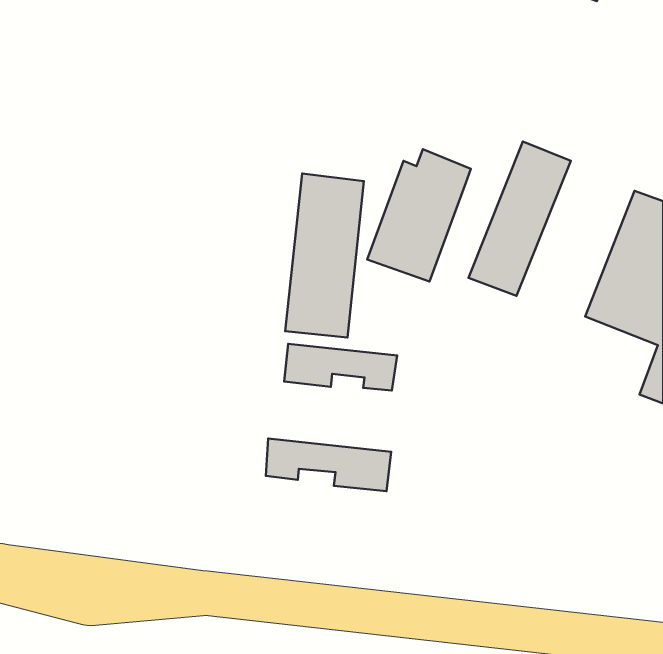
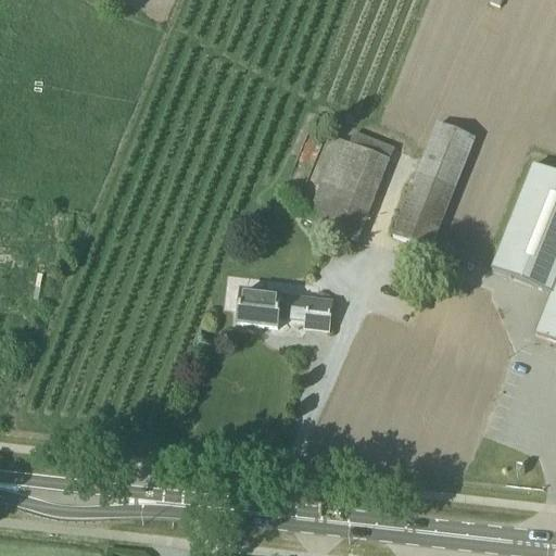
building: [285,173,364,338] -> none
building: [266,439,391,491] -> none

